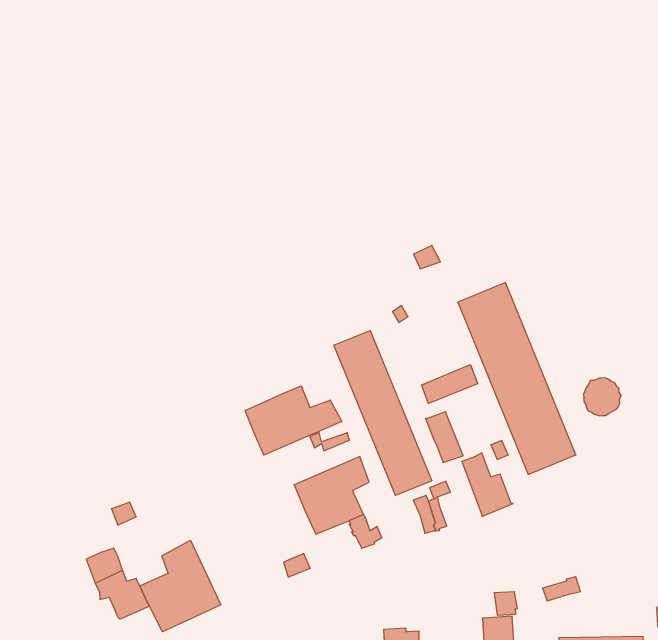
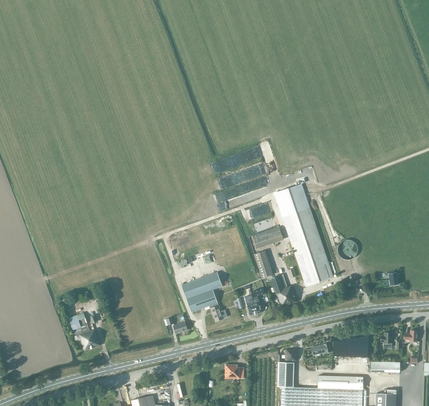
building: [334,331,432,495] -> none
building: [245,386,342,455] -> none
building: [140,540,221,632] -> none

